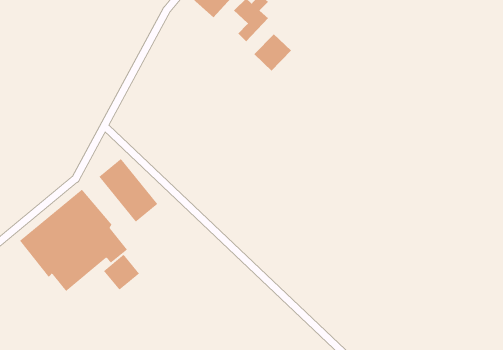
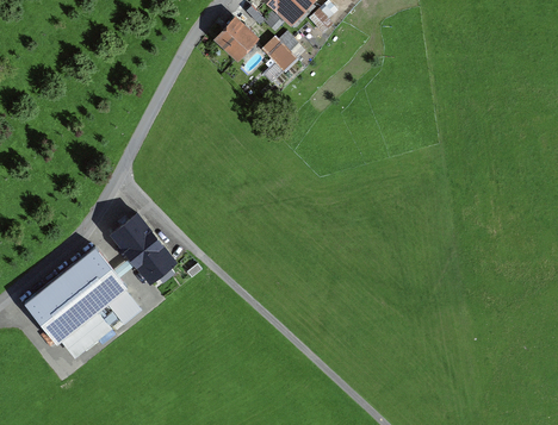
building: [254,33,292,71] -> none
building: [103,254,140,291] -> none

